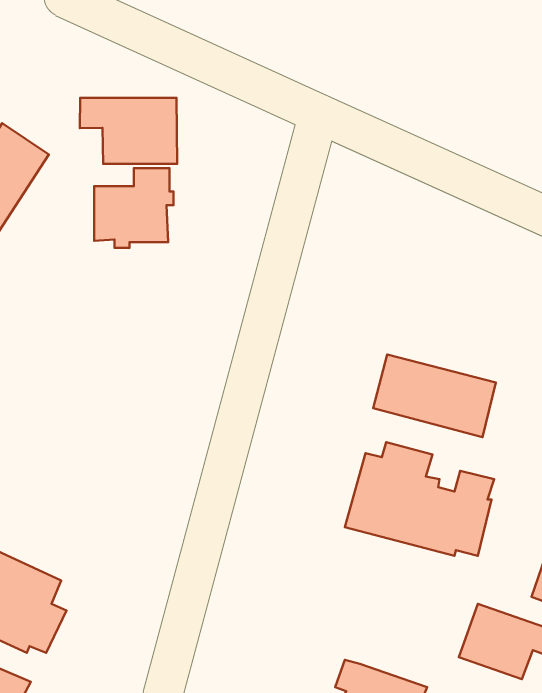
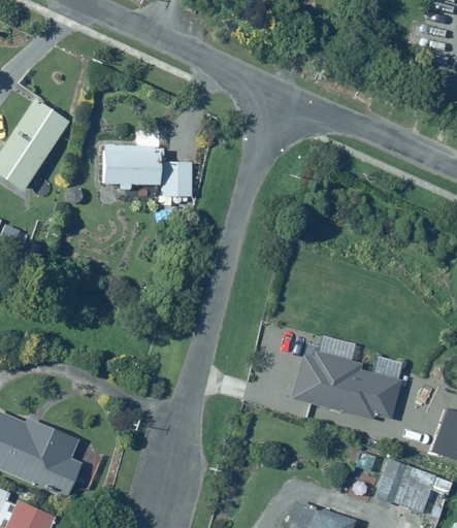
building: [80,98,177,164] -> none
building: none -> [161,161,192,206]
building: [373,355,496,437] -> none

